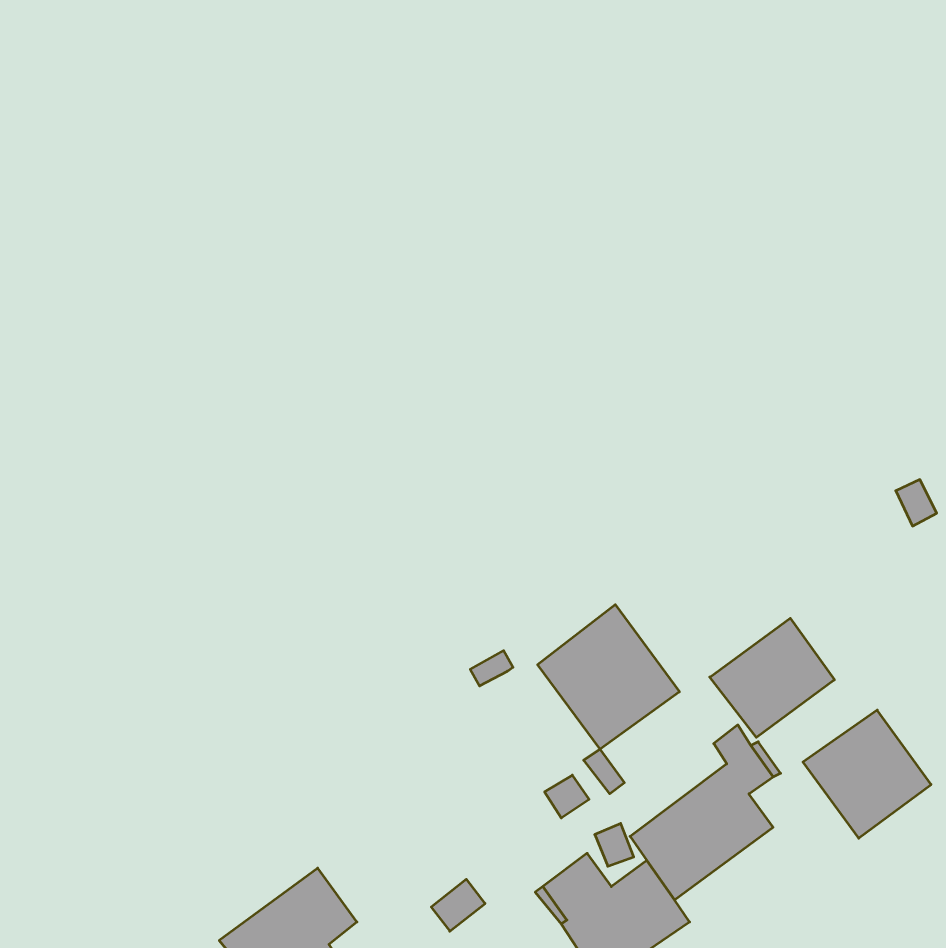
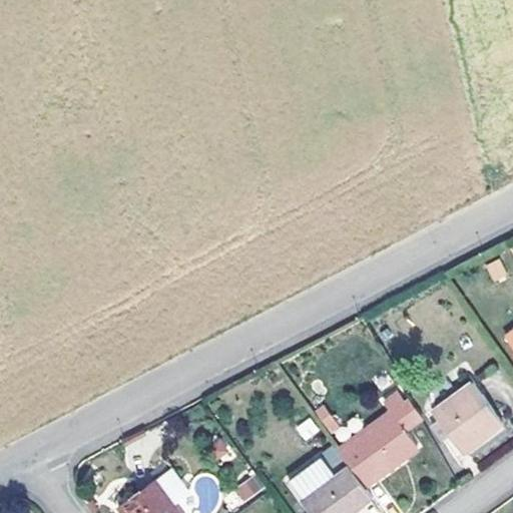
building: [538,605,679,749] -> none
building: [710,618,834,737] -> none

